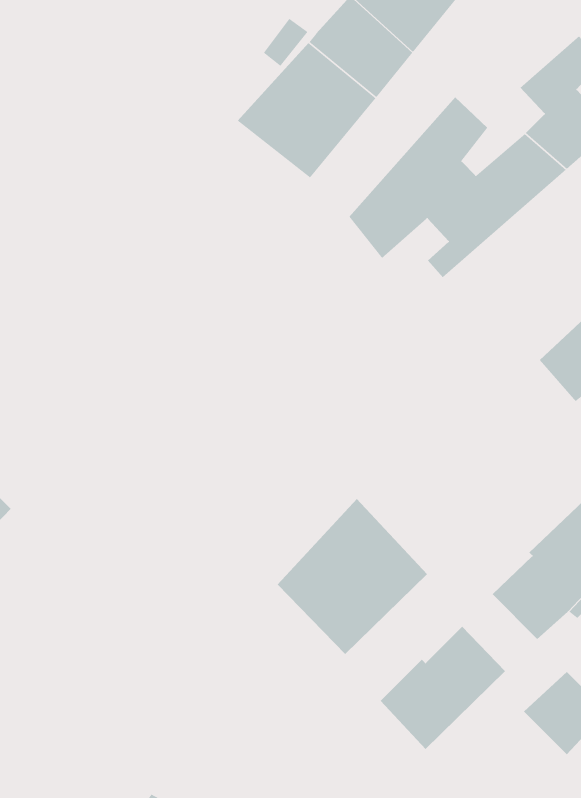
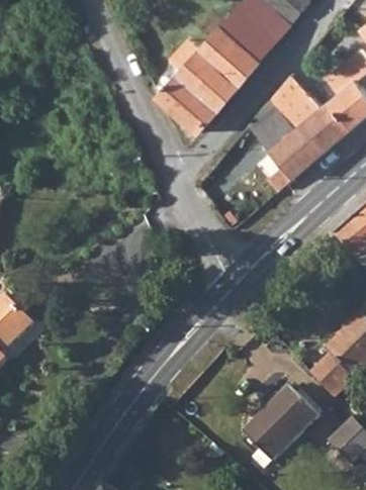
building: [277,498,428,655] -> none

